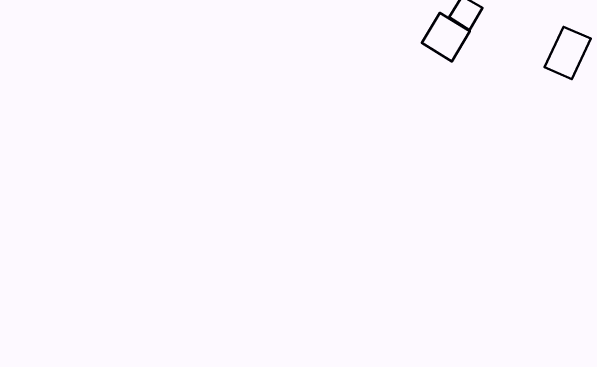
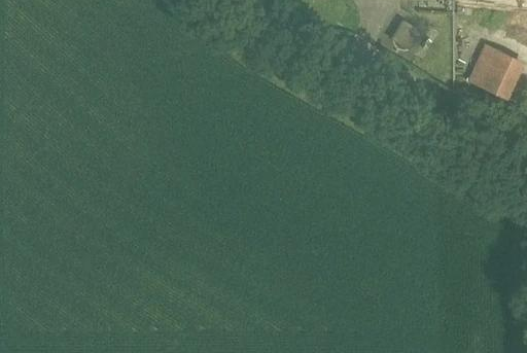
building: [422,13,470,61] -> none

